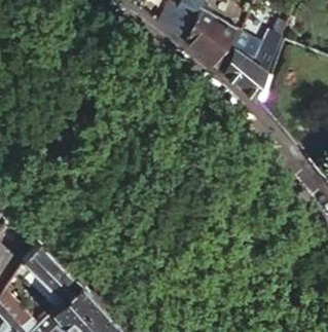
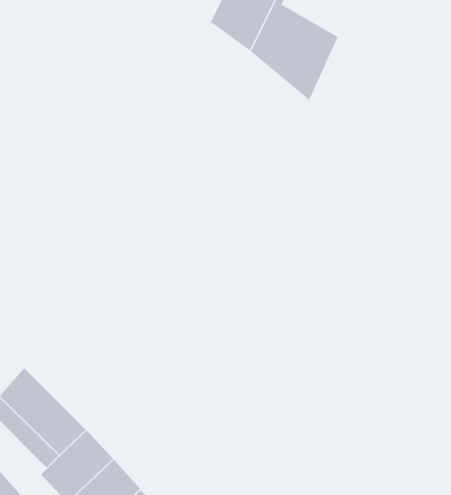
building: [224,25,288,104] -> none

